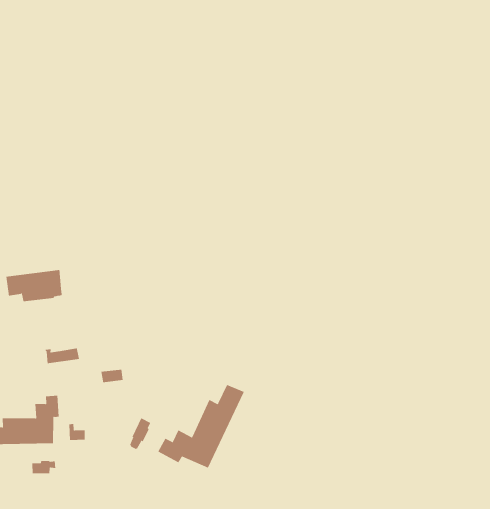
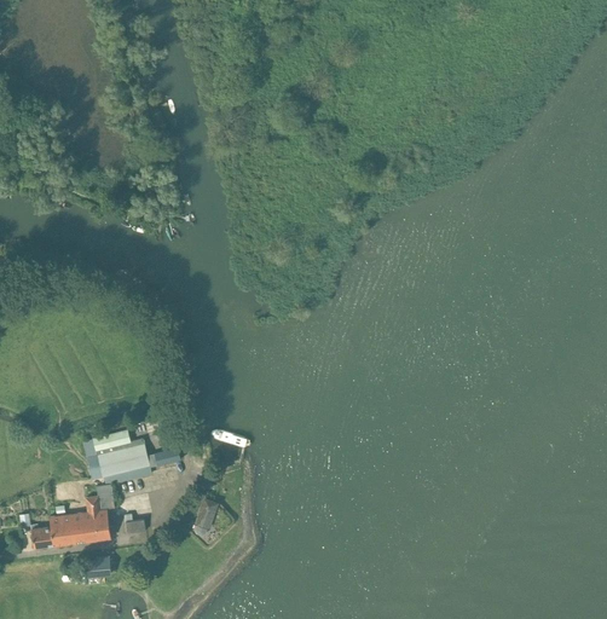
building: [6,269,62,302] -> [85,445,150,485]
building: [157,384,245,469] -> none

